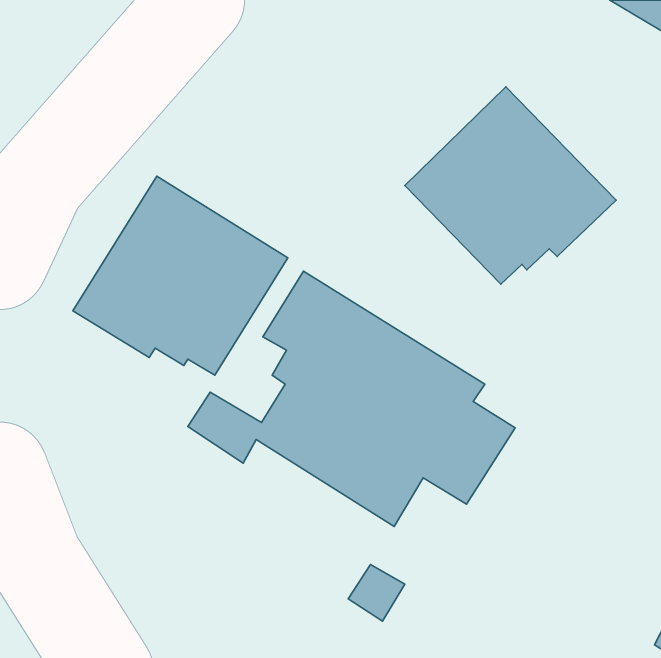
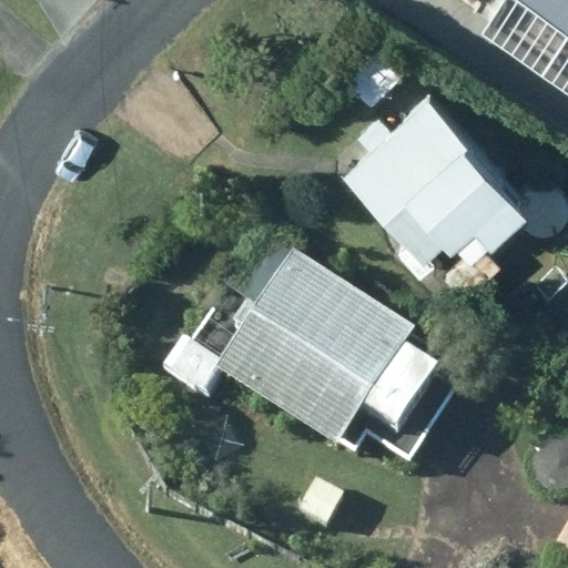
building: [73,176,288,375] -> none

